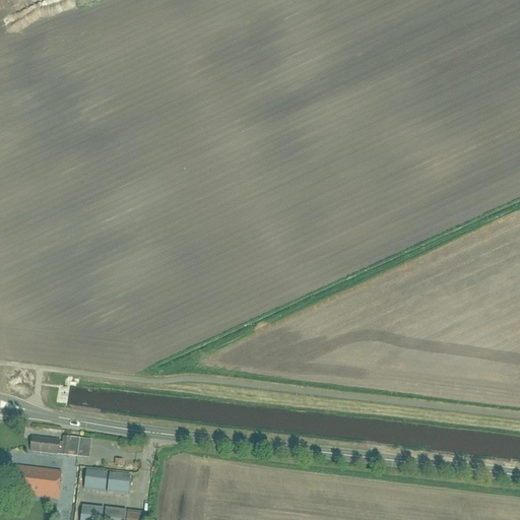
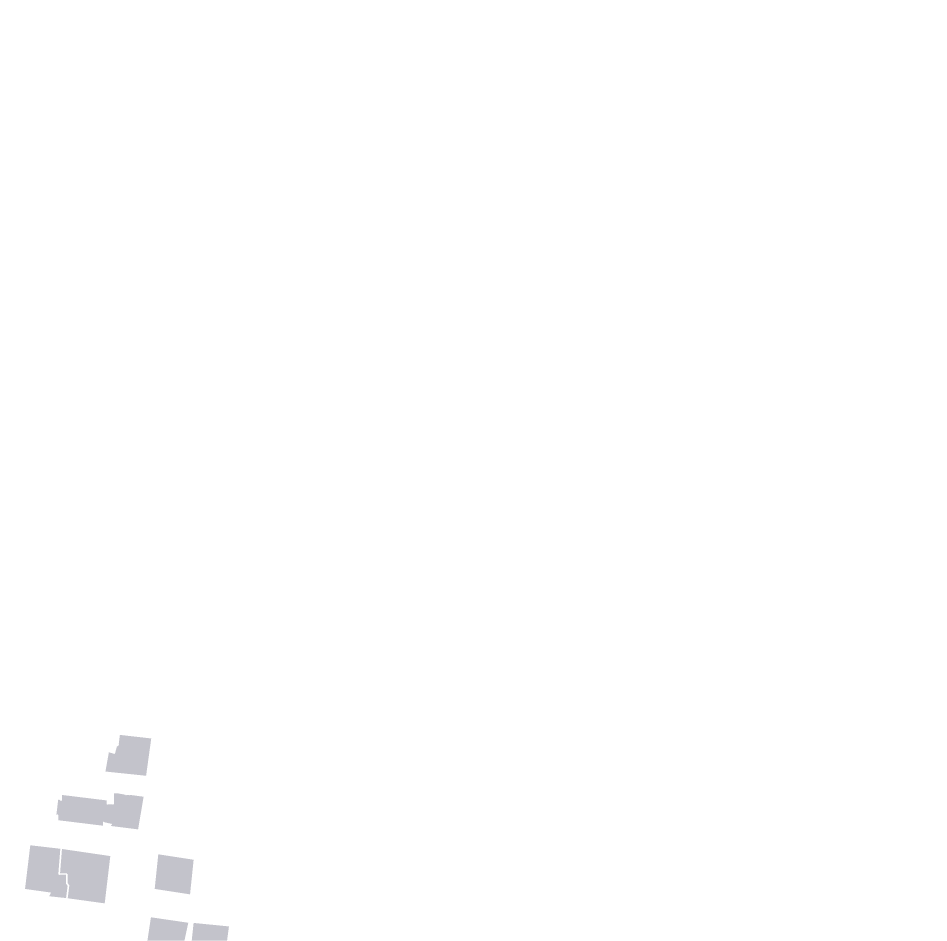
building: none -> [105,734,152,776]
building: [108,470,130,494] -> none

